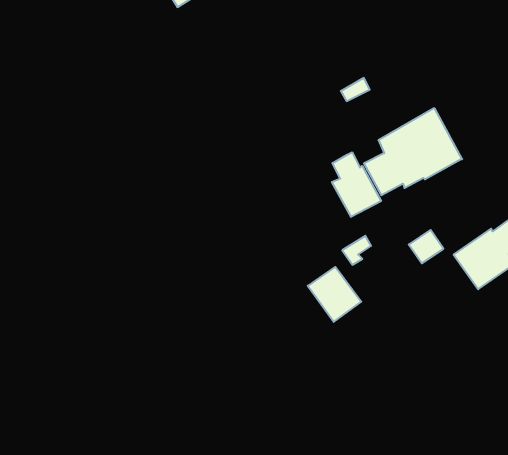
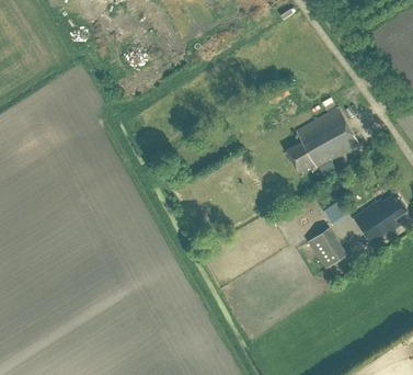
building: [332,152,381,217] -> none
building: [308,267,361,322] -> [302,225,343,266]

